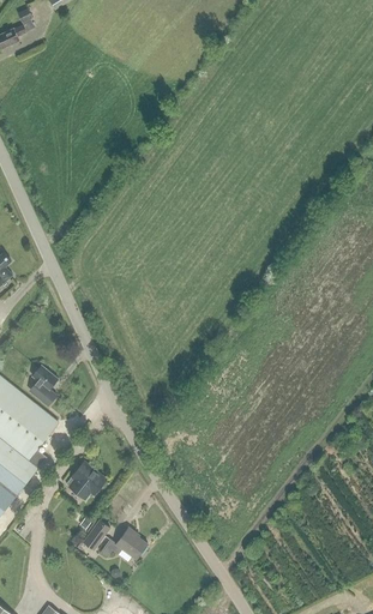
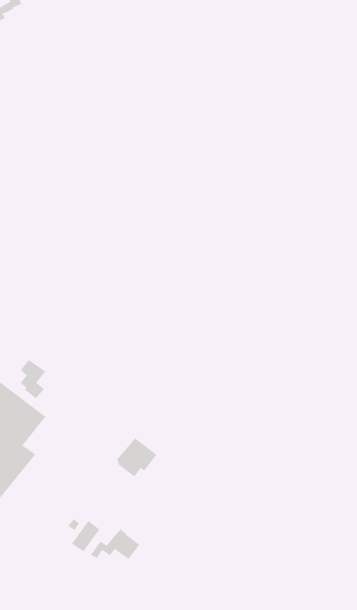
building: [67,460,107,499] -> [116,437,157,478]

